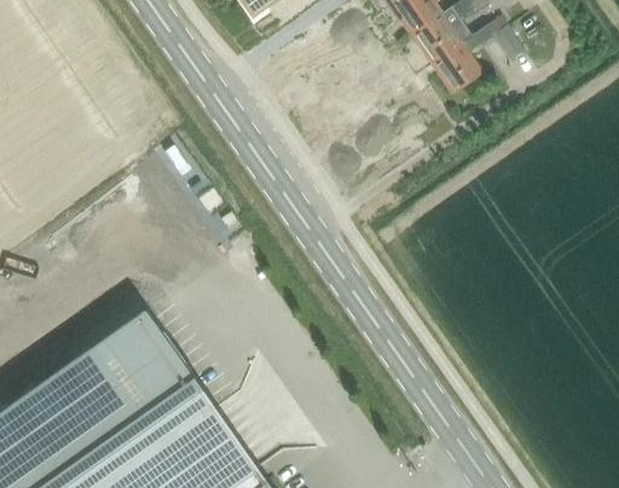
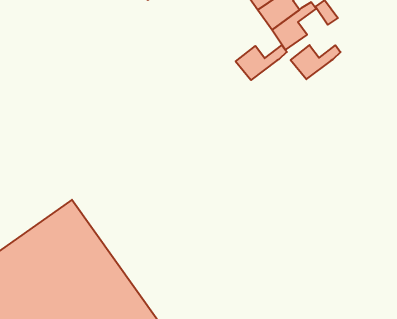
building: none -> [291,45,341,79]
building: none -> [236,45,287,80]

